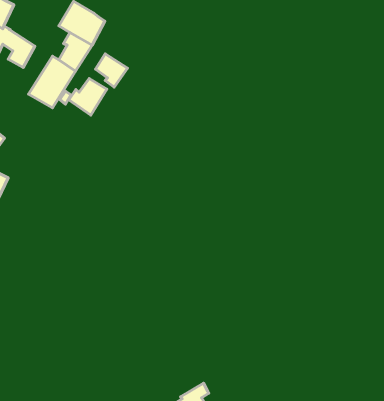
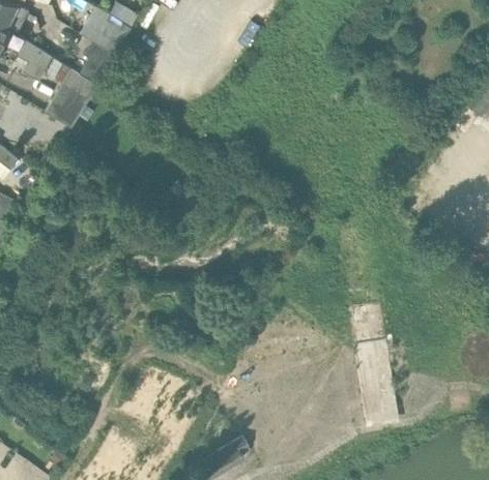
building: [96,54,127,87] -> none
building: [69,79,107,115] -> none

